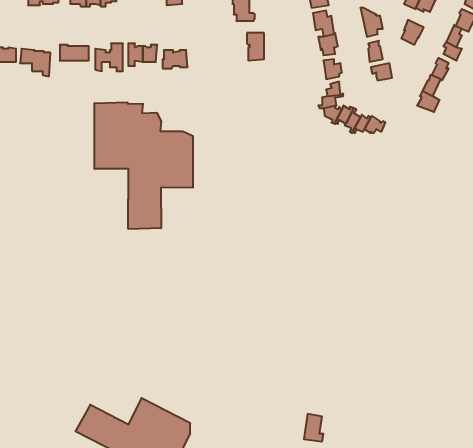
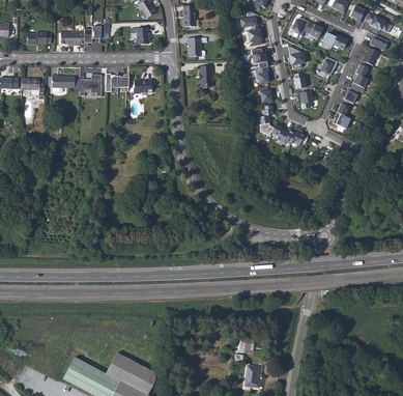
building: [94,102,193,229] -> none

